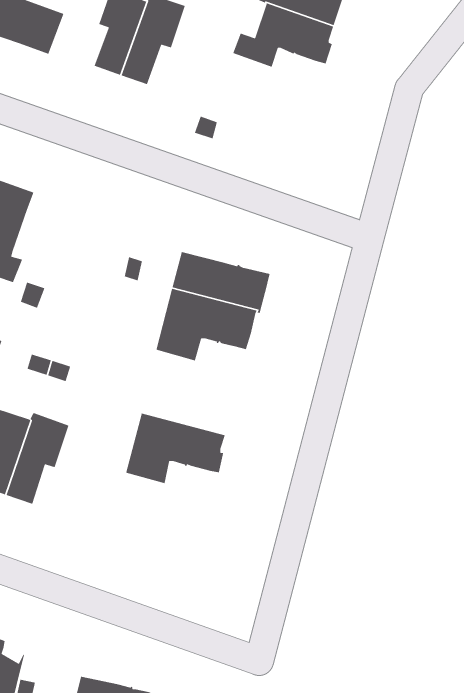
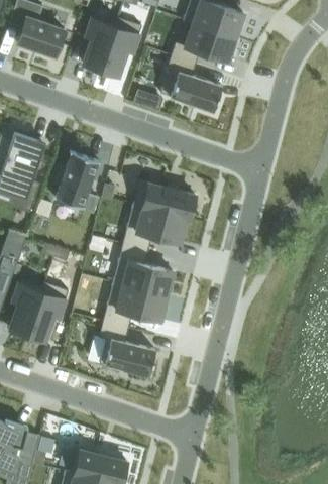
building: none -> [160,56,221,113]
building: none -> [54,152,99,214]
building: none -> [113,244,173,297]
building: none -> [99,322,155,377]

